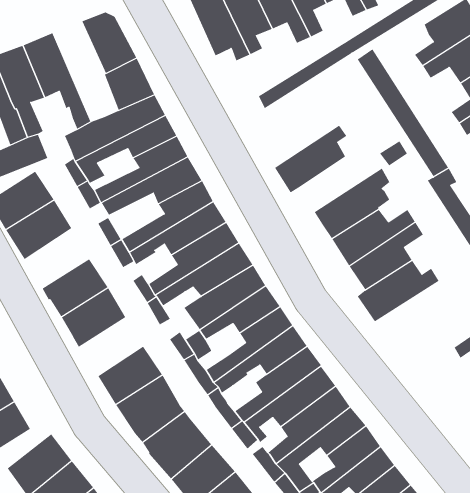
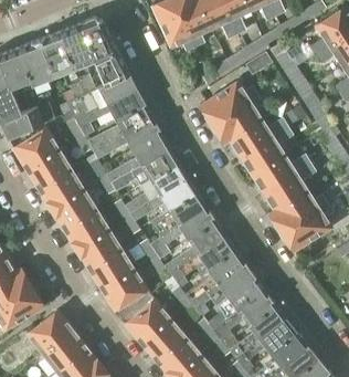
building: none -> [59,23,95,93]
building: none -> [200,81,257,125]
building: none -> [229,117,287,156]
building: none -> [39,167,84,209]
building: none -> [282,203,332,251]
building: none -> [76,229,121,270]

